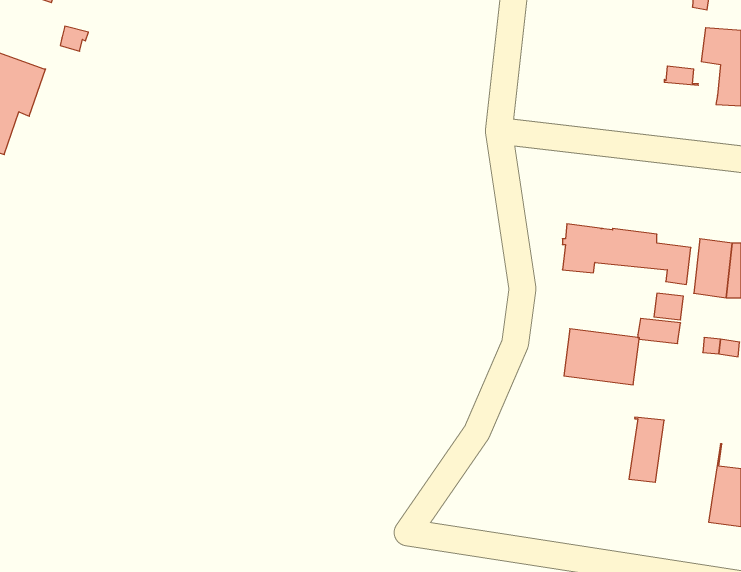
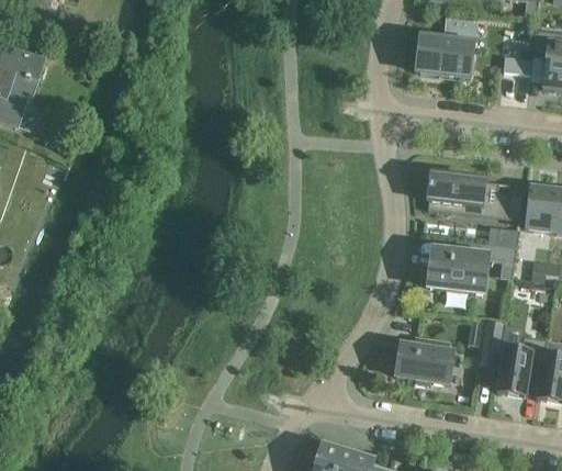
building: none -> [419,15,477,77]
building: none -> [497,334,546,396]
building: none -> [395,336,452,383]

